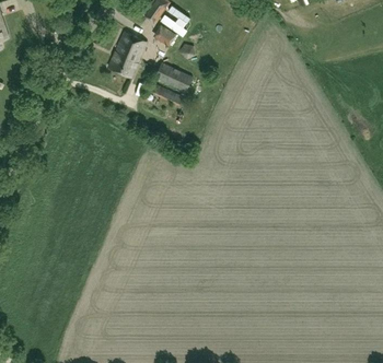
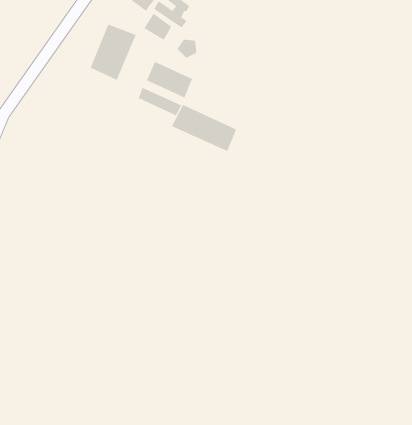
building: none -> [171,104,237,152]

